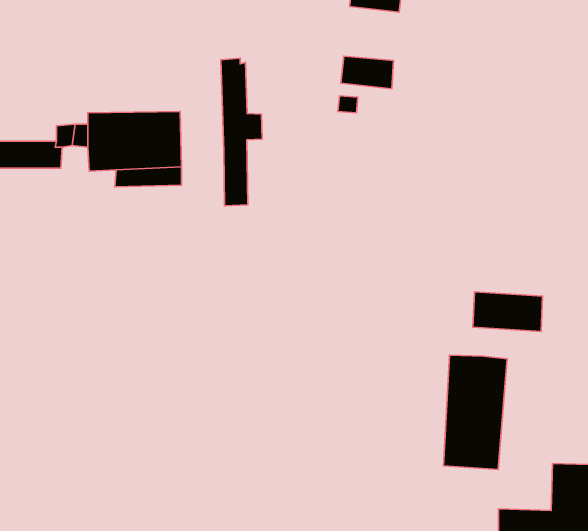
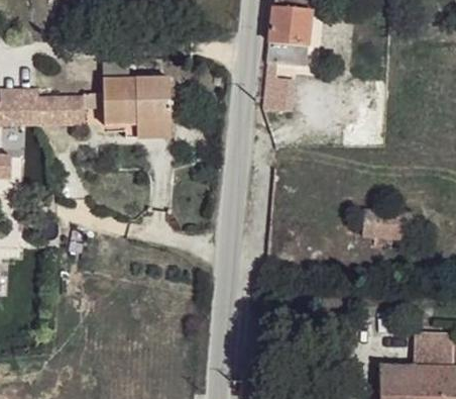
building: none -> [271,7,311,45]
building: [221,58,262,206] -> none
building: [444,355,507,469] -> none

